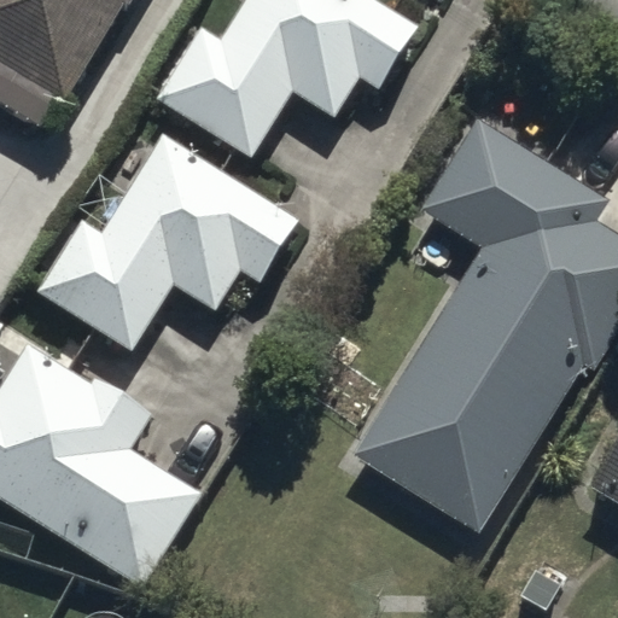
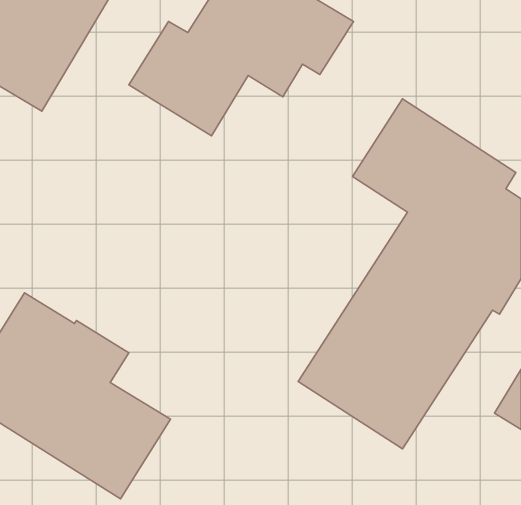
building: [37,136,298,349] -> none

